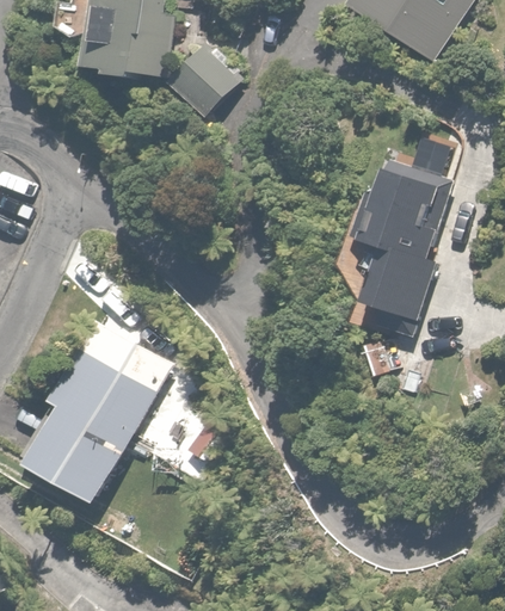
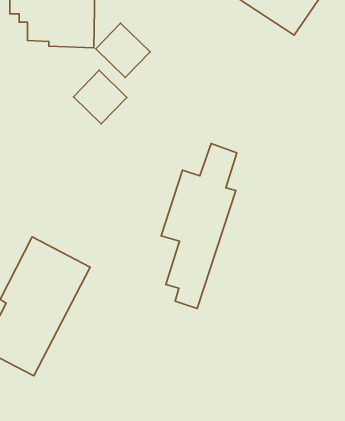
building: none -> [73,70,127,124]
building: [362,121,460,334] -> [161,144,237,309]

